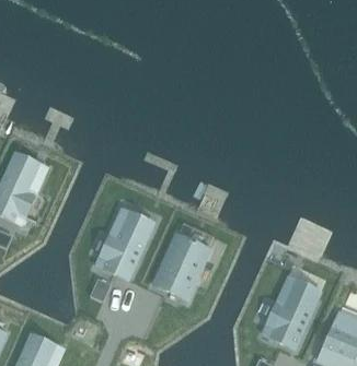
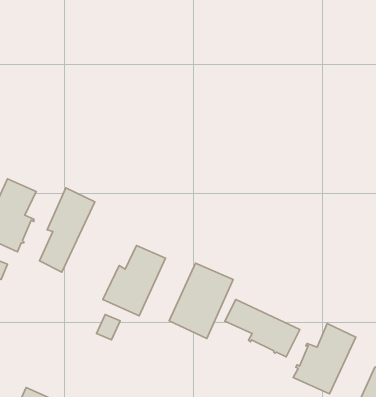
building: none -> [39,188,95,272]
building: none -> [225,299,300,357]

